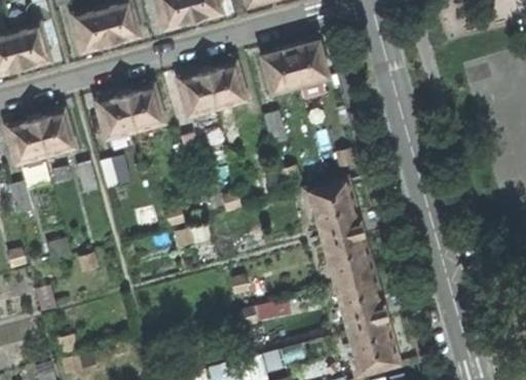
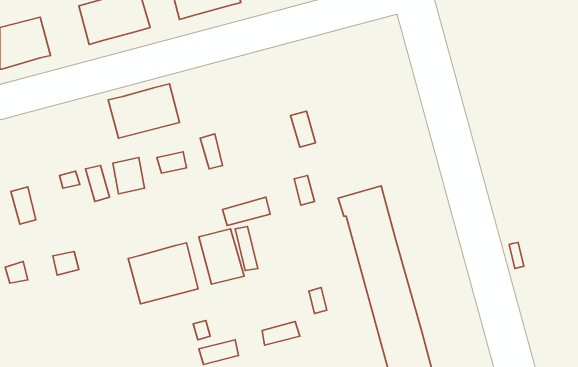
building: [263,41,329,92] -> none
building: [181,64,246,150] -> none
building: [9,111,73,169] -> none
building: none -> [128,243,198,304]

